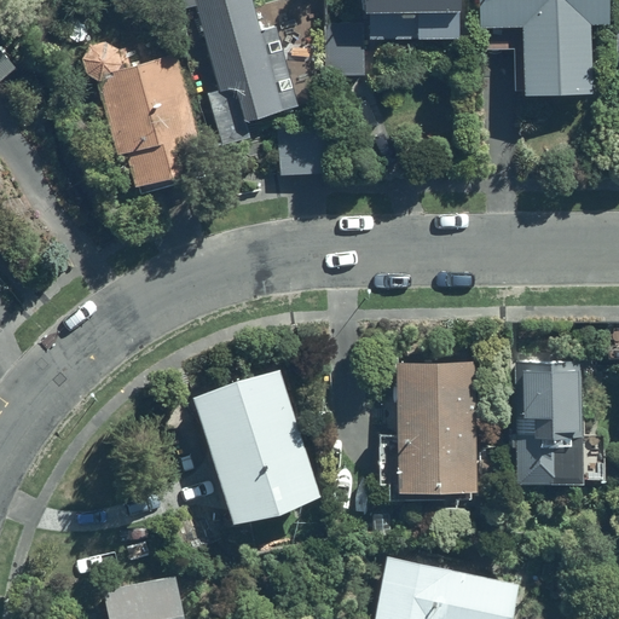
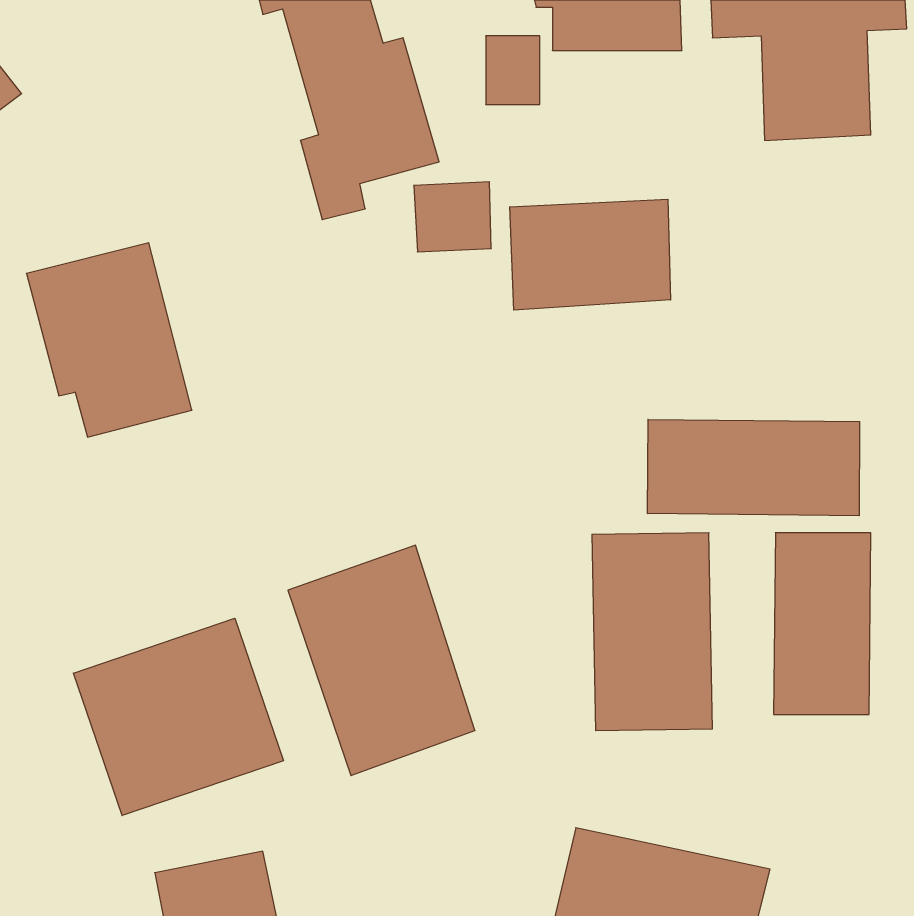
building: [93,53,204,184] -> [26,243,192,437]
building: none -> [510,199,671,310]
building: none -> [648,419,860,516]
building: none -> [73,618,284,816]

